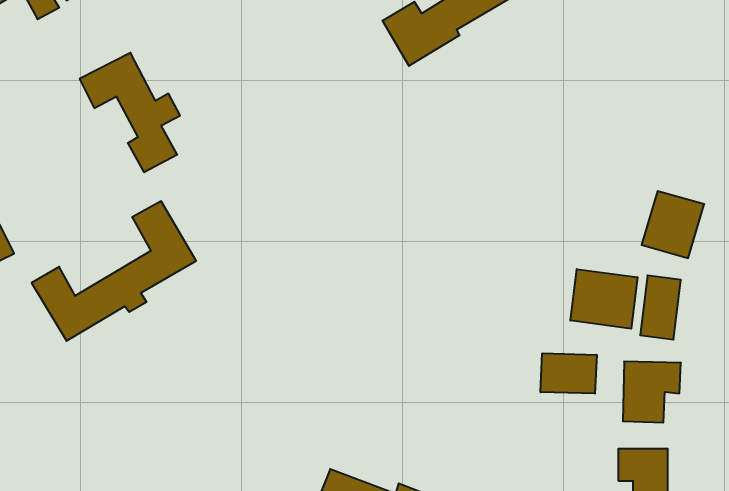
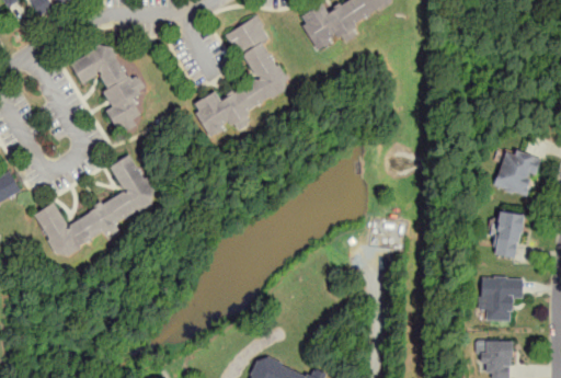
building: none -> [192,15,289,136]
building: [570,269,637,329] -> none
building: [541,353,597,394] -> none

